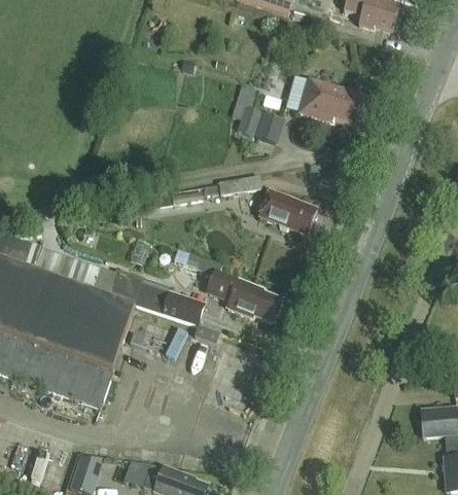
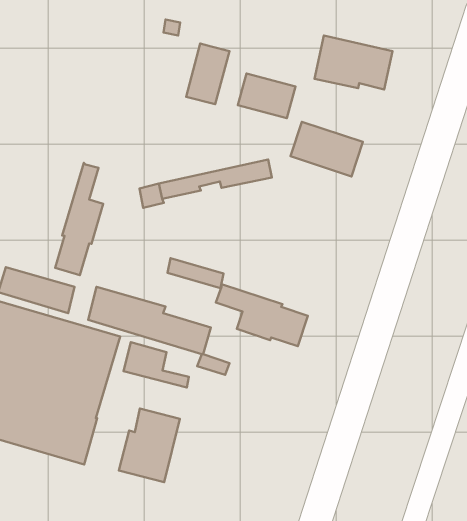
building: none -> [186,44,229,104]
building: none -> [55,163,103,275]
building: [258,189,316,235] -> [291,122,363,176]
building: none -> [119,409,180,482]

